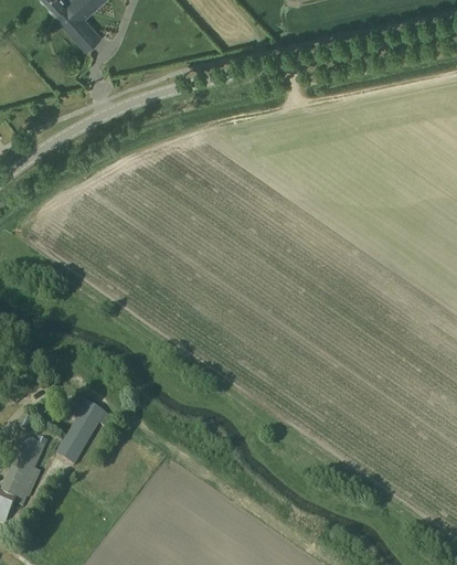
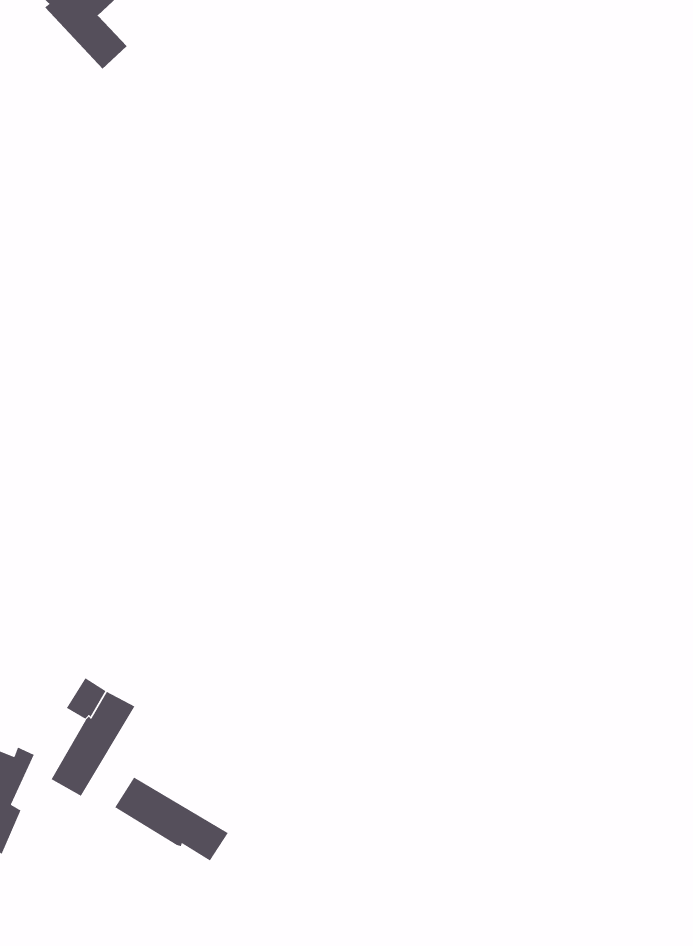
building: none -> [114,776,229,861]

